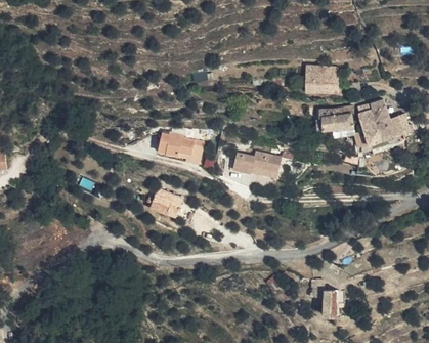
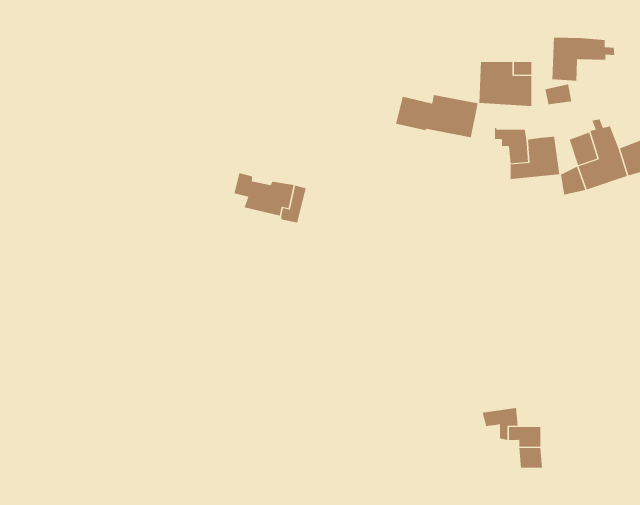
building: none -> [552,37,615,81]
building: [233,152,283,177] -> [395,94,478,138]
building: [147,188,195,223] -> none

